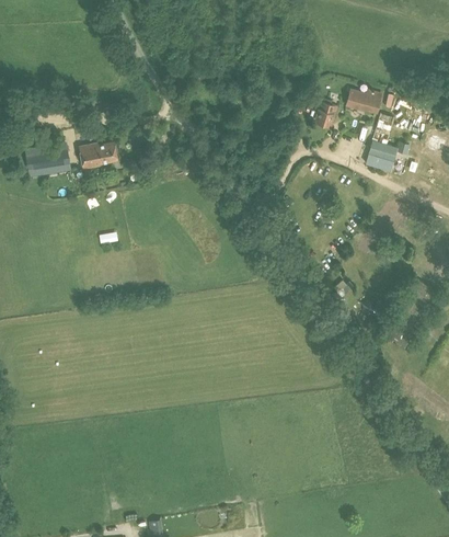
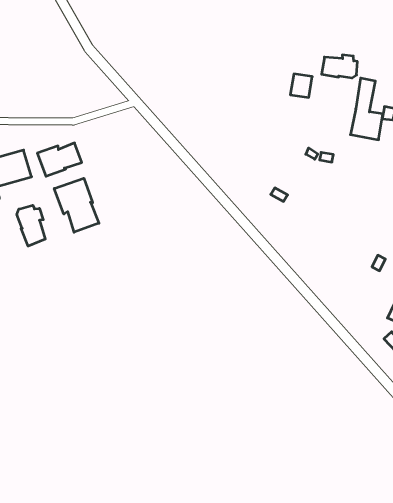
building: none -> [54,178,99,232]
building: none -> [17,205,45,246]

